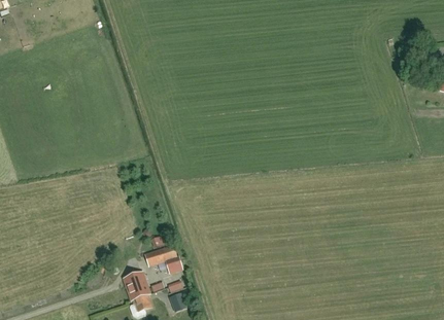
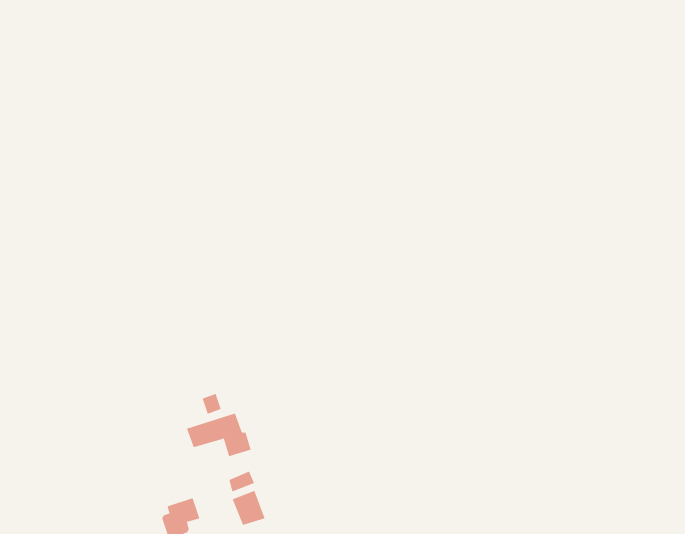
building: [124,272,149,300] -> none

